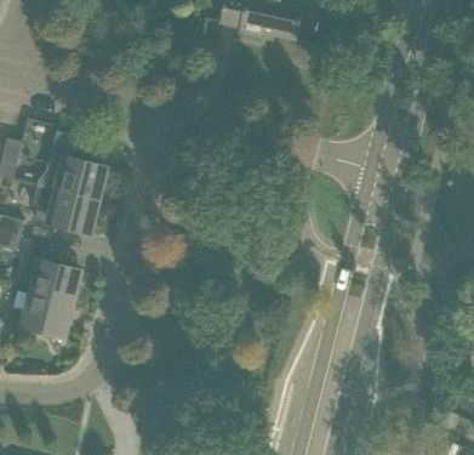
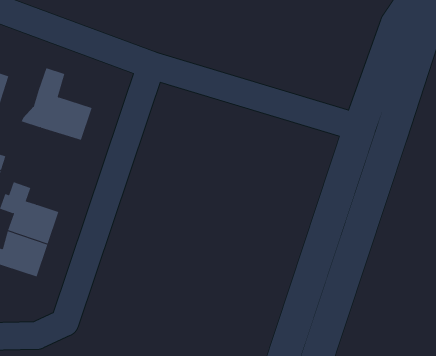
building: [32,186,97,234] -> none

